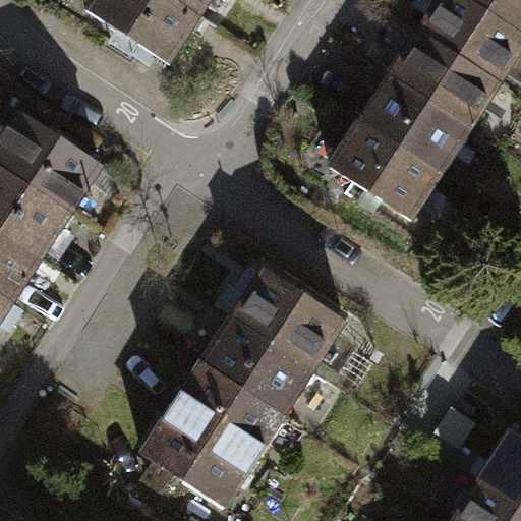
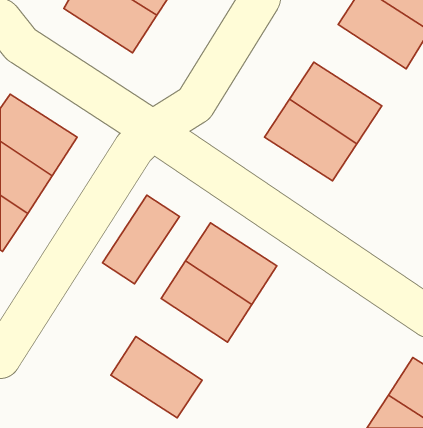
building: [388,30,500,128] -> none
building: none -> [103,195,179,284]
building: [172,361,283,460] -> none

